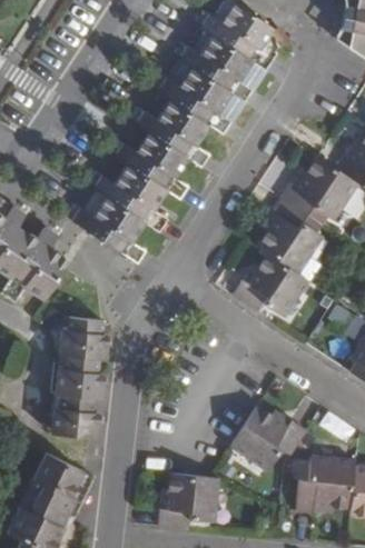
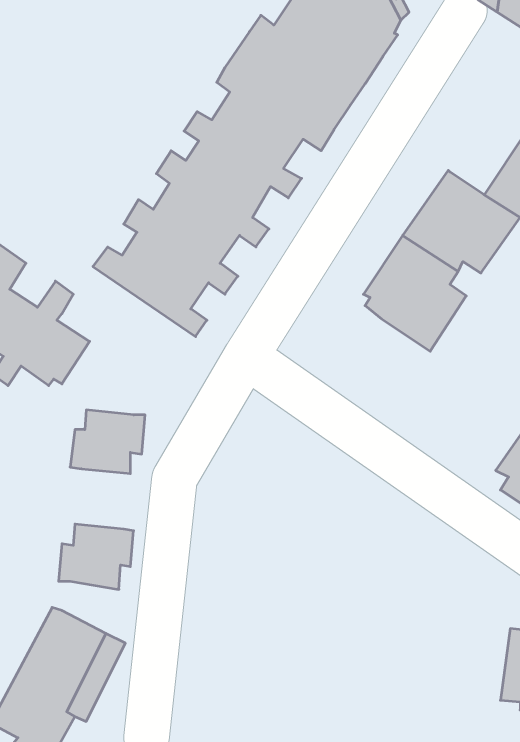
building: [233,253,310,319] -> none
building: [52,356,102,397] -> none
building: [228,399,306,472] -> none
building: [294,452,356,514] -> none
building: [156,471,219,528] -> none

